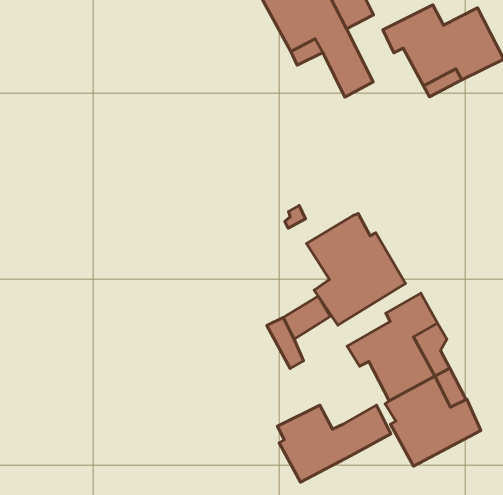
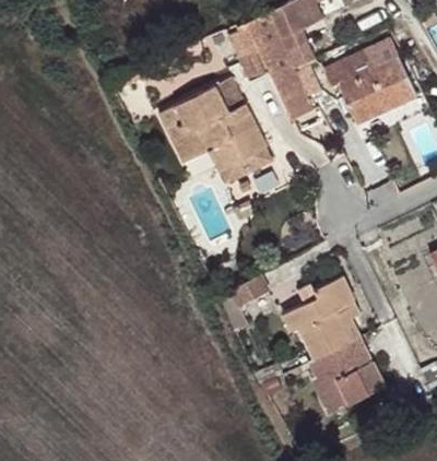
building: none -> [164,80,269,178]
building: [307,214,406,325] -> none
building: [278,405,391,482] -> none

